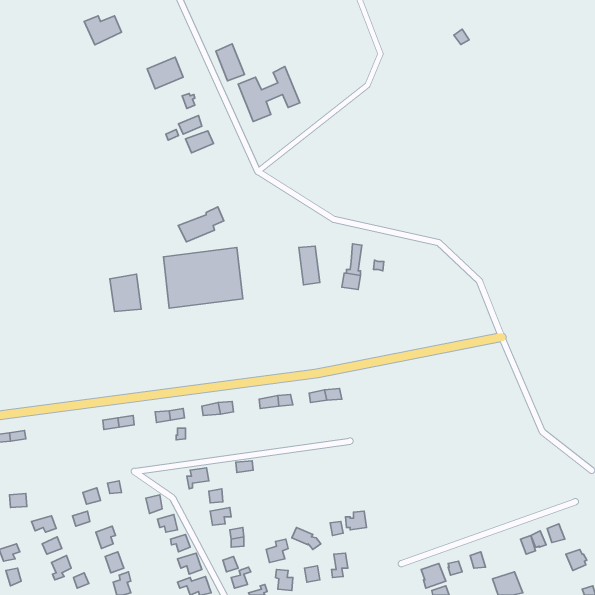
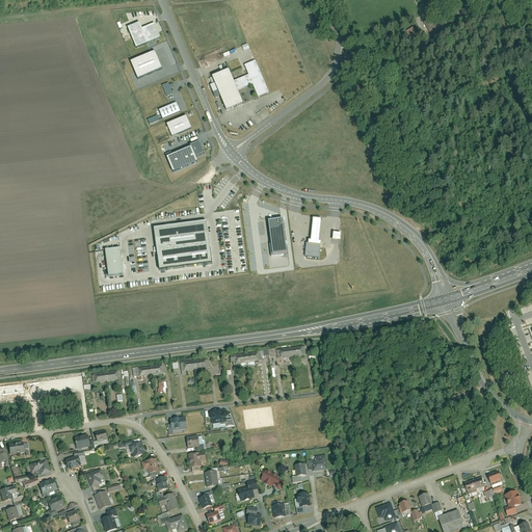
building: [84,16,122,45] -> [126,22,159,48]
building: [216,44,244,81] -> none
building: [178,207,224,242] -> [164,140,205,171]

